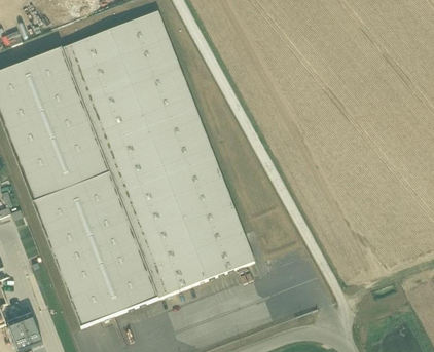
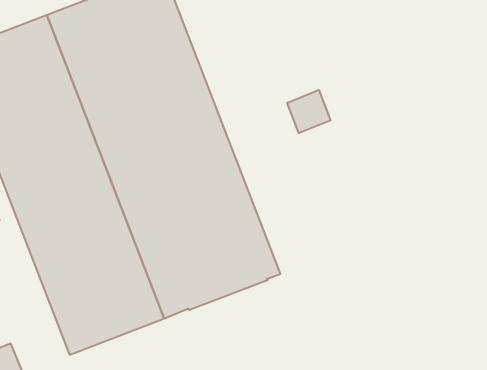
building: none -> [287,90,330,133]

